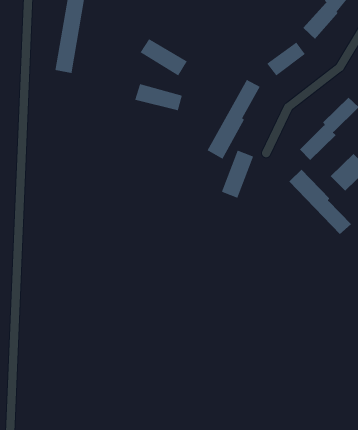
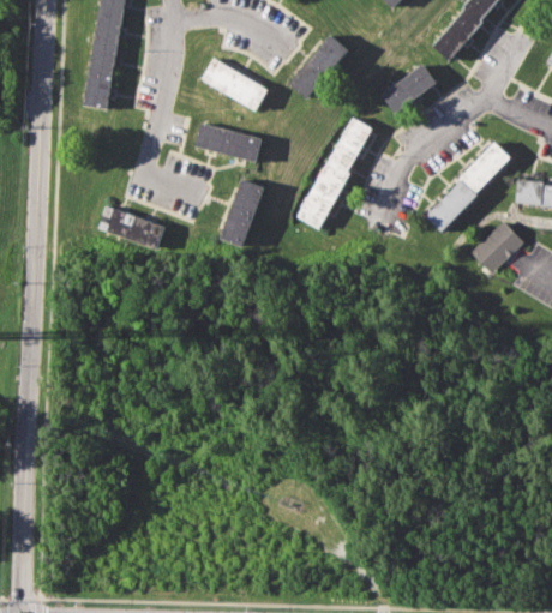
building: none -> [289,34,352,101]
building: none -> [97,205,166,250]
building: [221,149,254,199] -> [218,178,265,247]
building: [289,169,352,235] -> none

